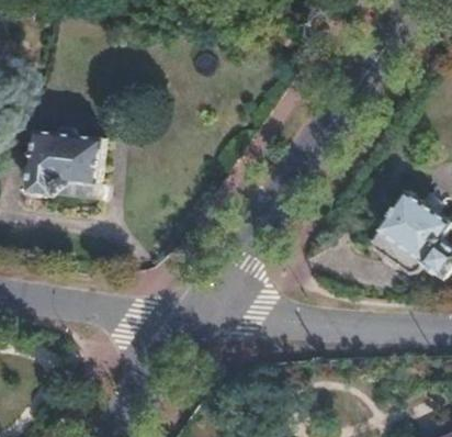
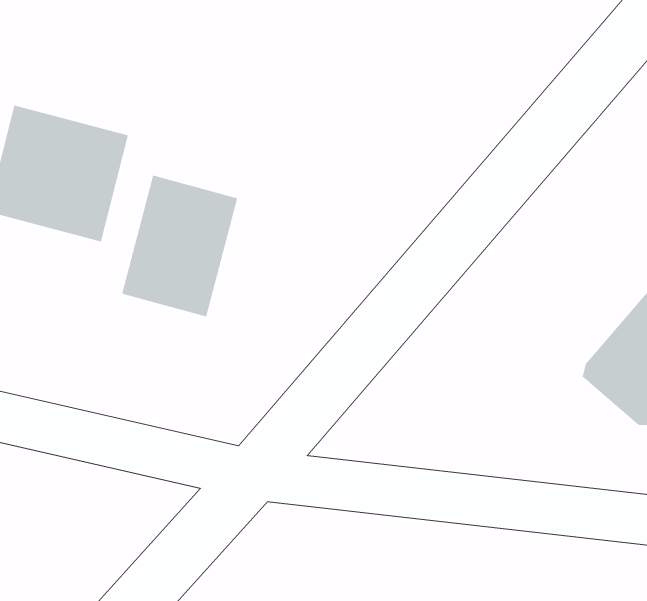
building: none -> [121,175,238,318]

